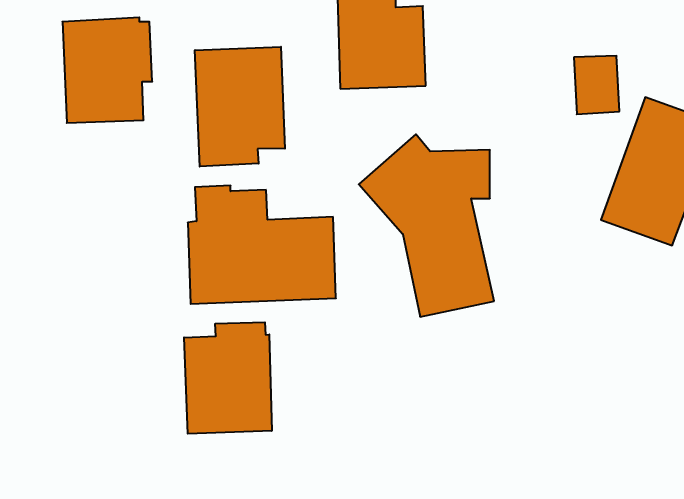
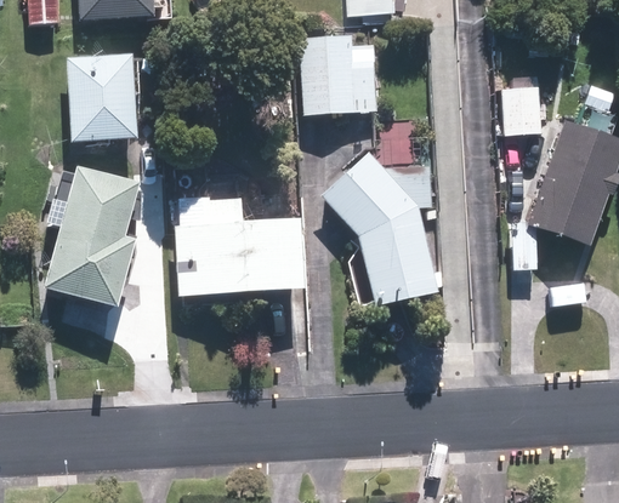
building: [195,47,285,167] -> none
building: none -> [44,167,137,309]
building: [184,322,272,434] -> none

